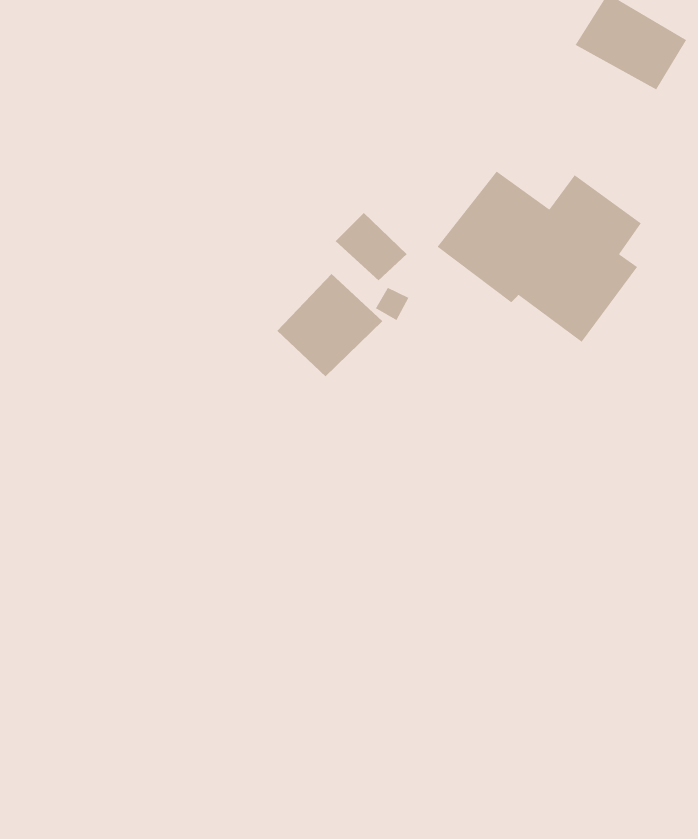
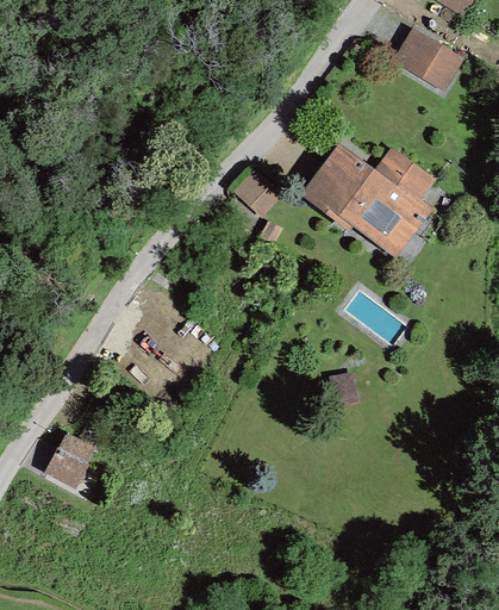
building: [276,273,383,377] -> none
building: none -> [44,431,94,490]

